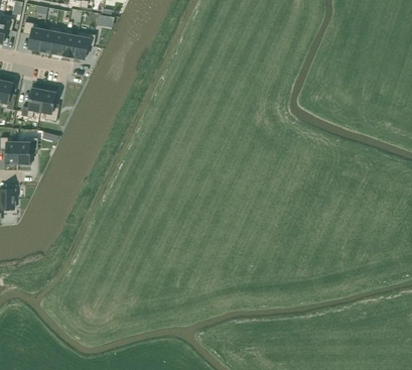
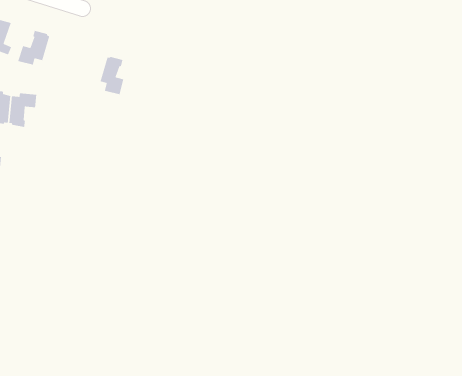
building: [40,91,59,121] -> [99,56,124,95]

